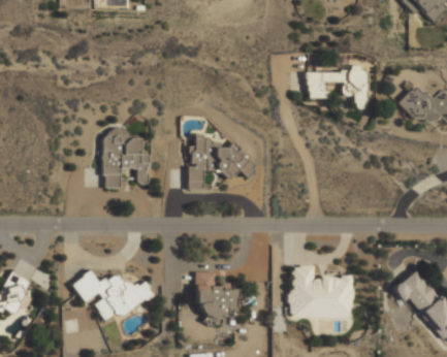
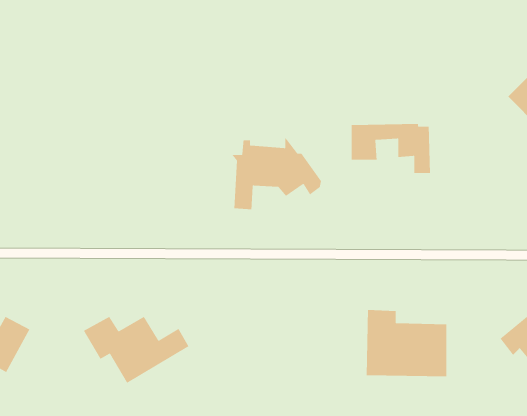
building: [307,69,369,108] -> [351,123,431,174]
building: [103,130,149,188] -> none
building: [198,271,236,323] -> none

